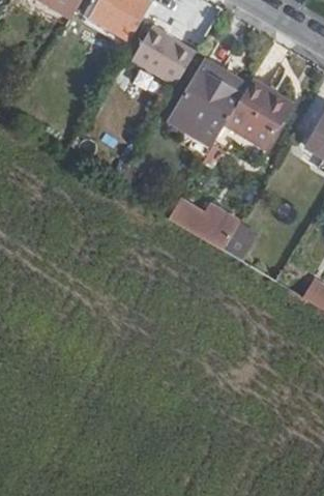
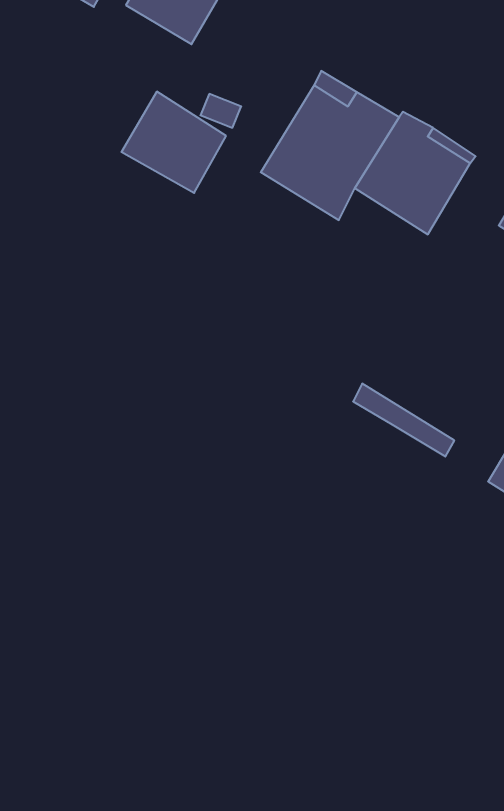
building: [134,26,195,85] -> [121,92,226,193]
building: [168,198,225,243] -> none

